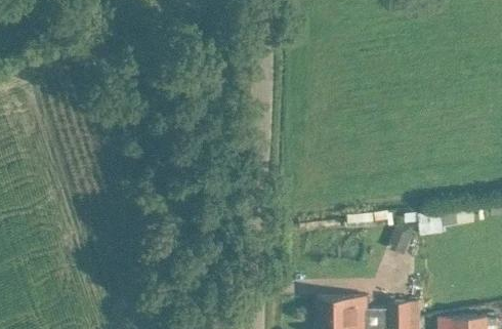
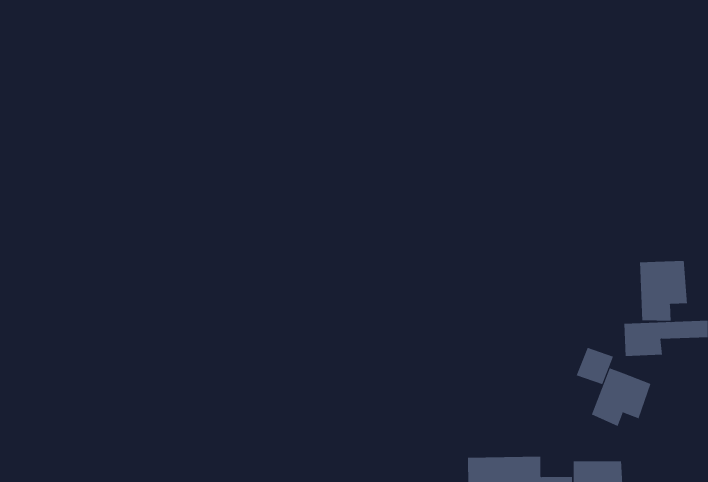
building: none -> [640,260,687,322]
building: none -> [591,367,651,427]

